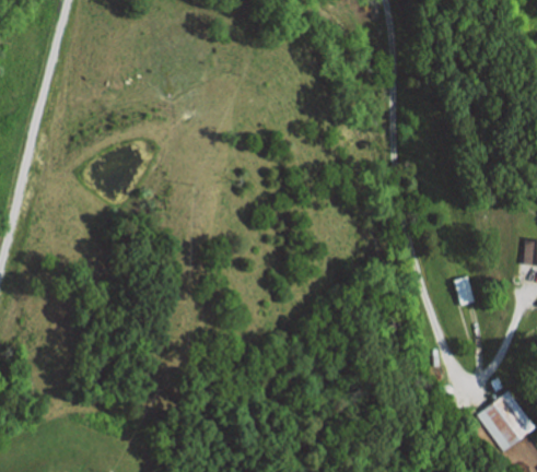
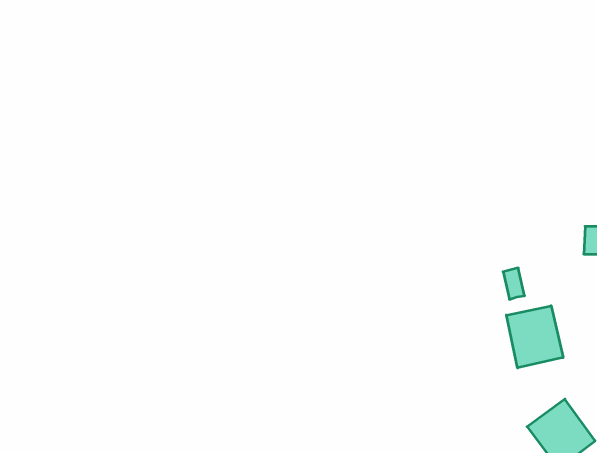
building: none -> [506,306,563,368]

